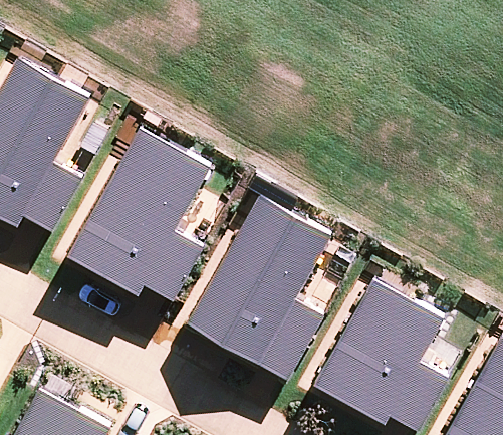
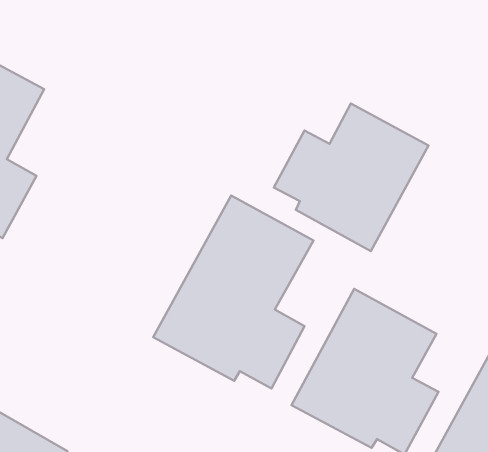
building: none -> [274,104,429,251]
building: [64,125,210,301] -> none

